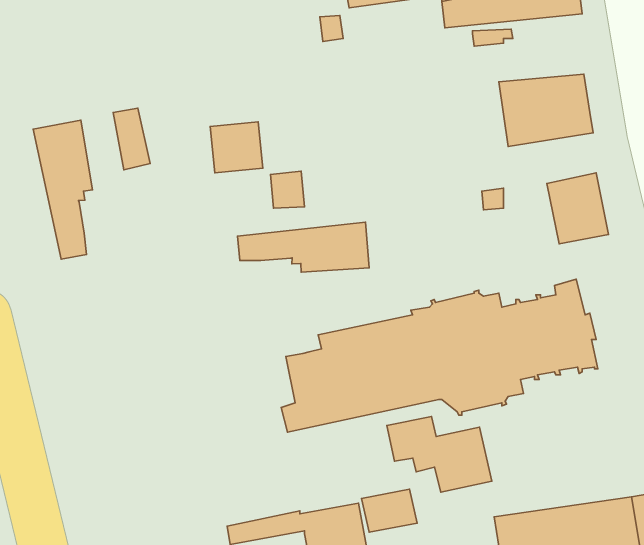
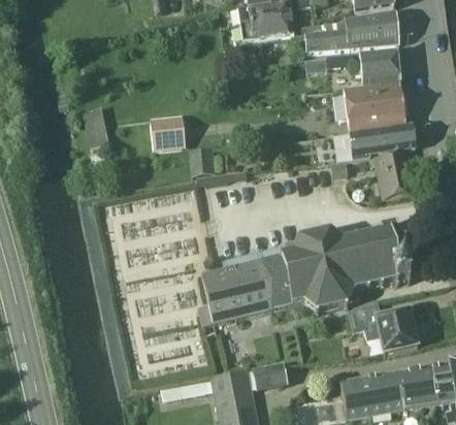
building: none -> [356,50,399,87]
building: [33,120,92,259] -> none
building: none -> [349,123,416,157]
building: [237,222,369,272] -> none
building: [387,416,492,492] -> [347,301,417,352]

